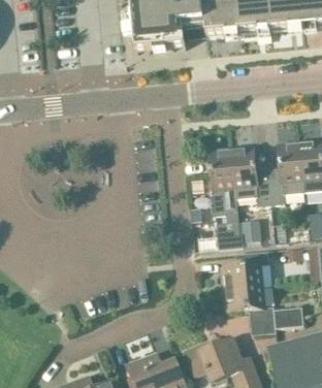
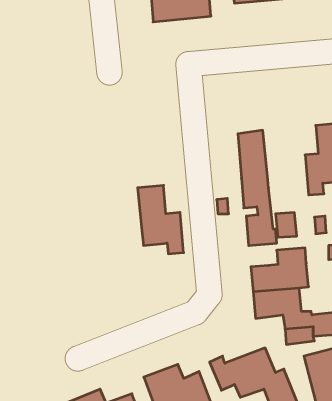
building: [231,146,271,205] -> [138,185,184,254]

